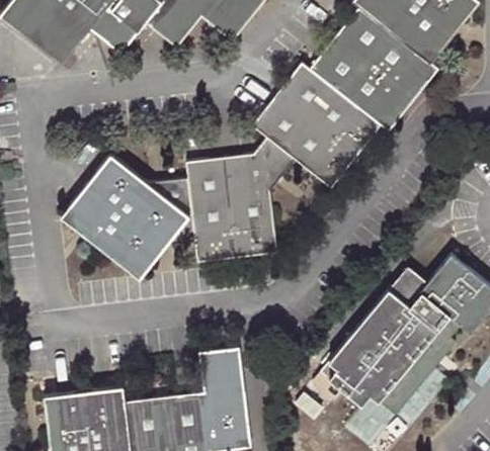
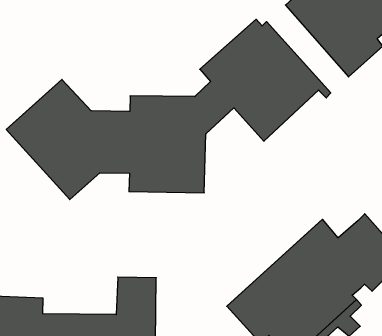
building: [316,43,410,128] -> none

